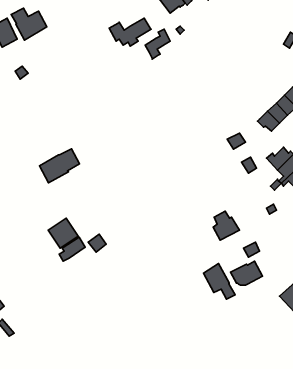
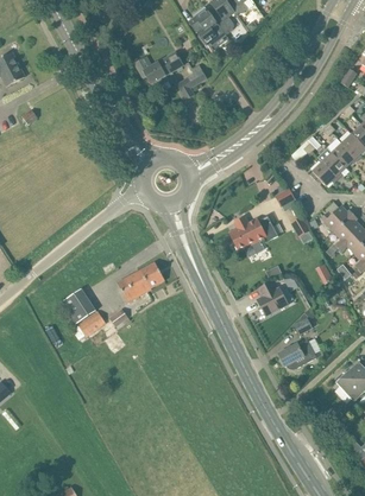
building: [11,8,47,40] -> none
building: [40,149,80,183] -> [118,261,165,301]
building: none -> [229,215,278,252]
building: [204,264,235,299] -> none

